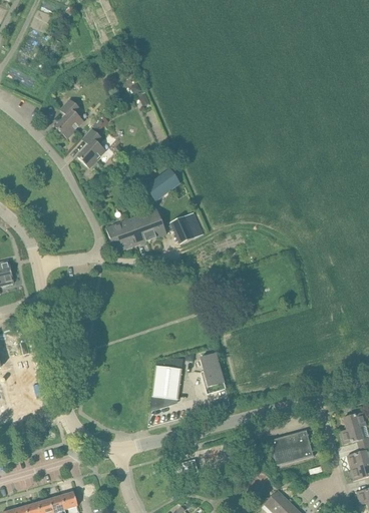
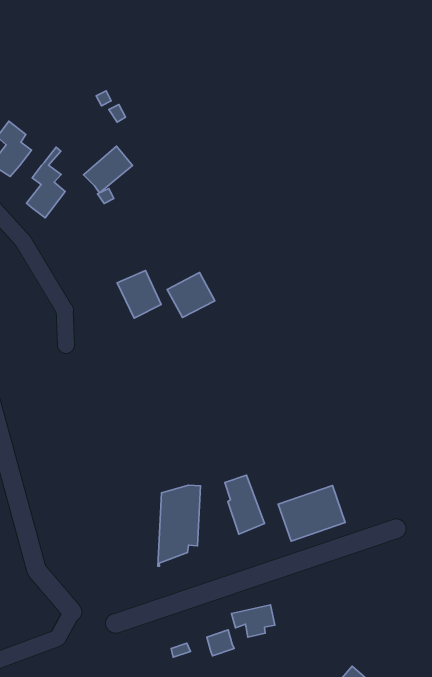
building: [145,168,179,199] -> [84,146,133,193]
building: [105,215,145,252] -> none
building: [269,430,314,466] -> [278,486,345,541]

